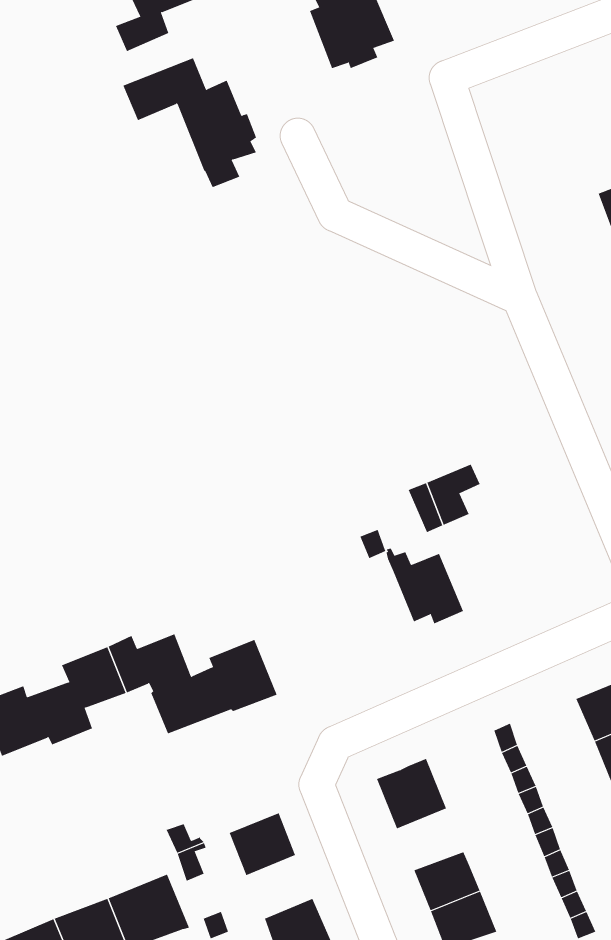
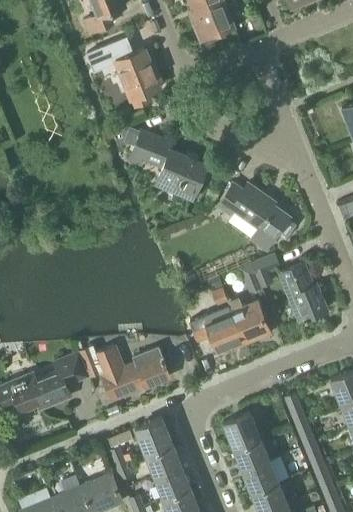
building: none -> [114,128,207,200]
building: none -> [218,183,297,250]
building: none -> [279,264,326,322]
building: none -> [190,305,243,350]
building: none -> [109,418,171,452]
building: none -> [234,439,270,472]
building: none -> [153,464,189,498]

